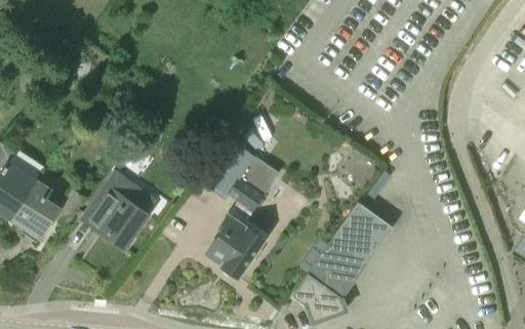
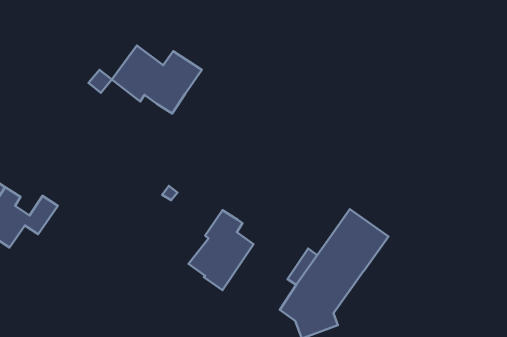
building: [196,148,280,211] -> [112,46,202,114]
building: [81,172,155,249] -> none

